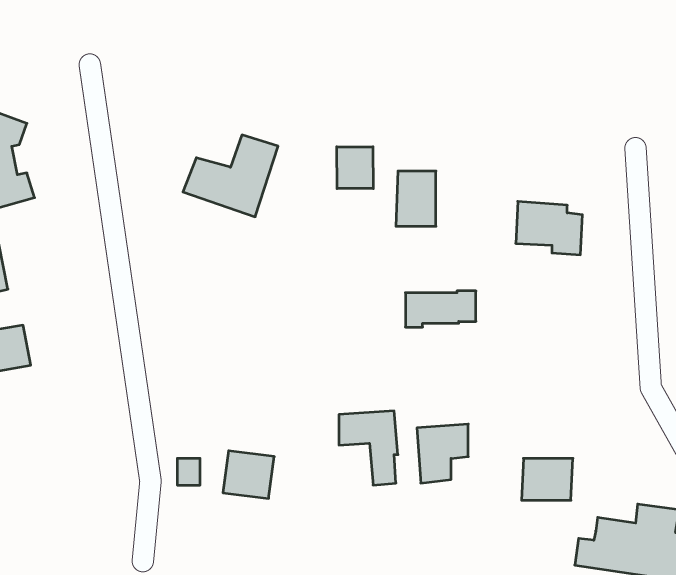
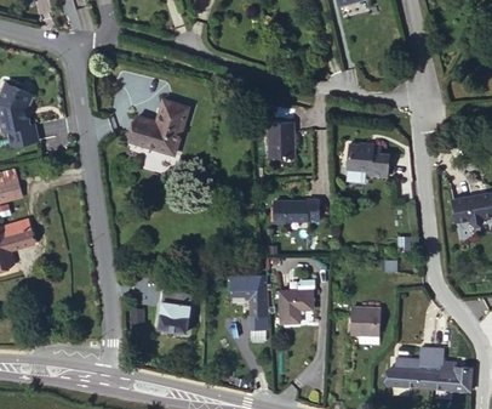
building: [337,147,373,189] -> none

